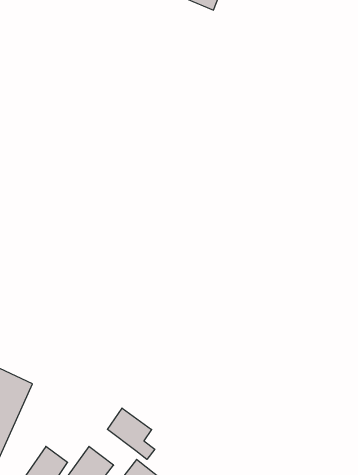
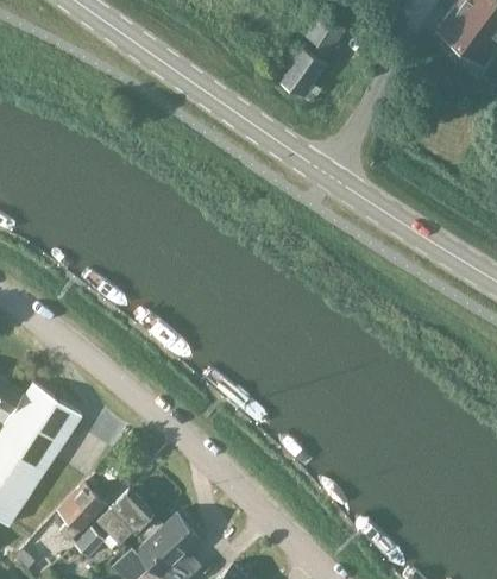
building: none -> [276,46,326,103]
building: [107,408,155,459] -> none

